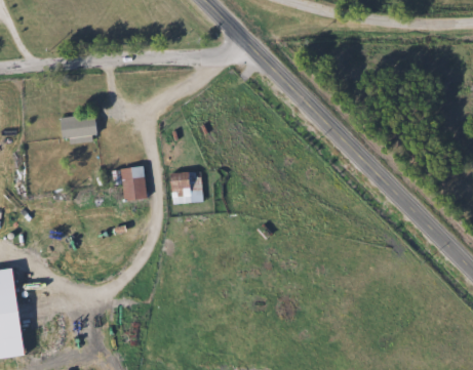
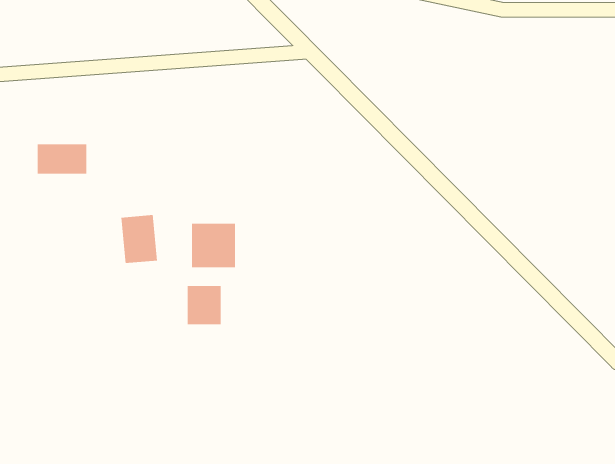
building: none -> [187,285,221,325]

